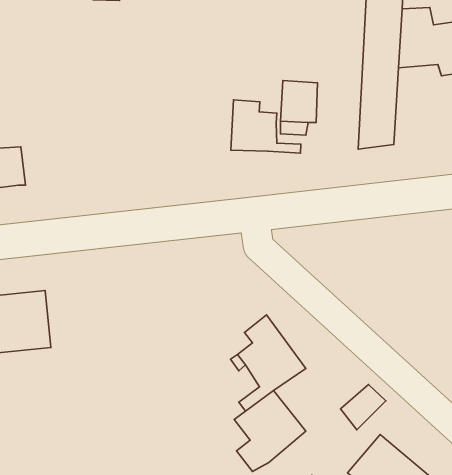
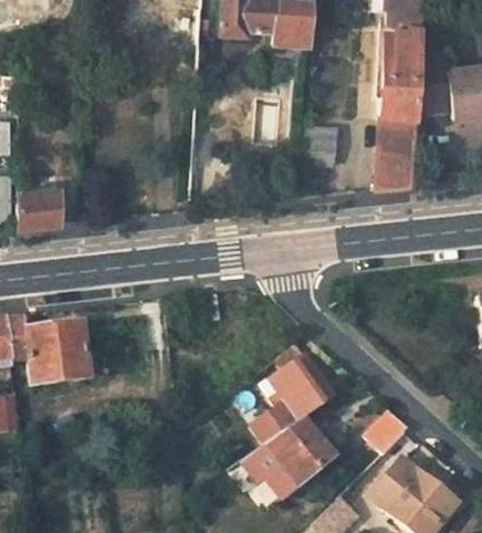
building: [231,100,301,153] -> none

